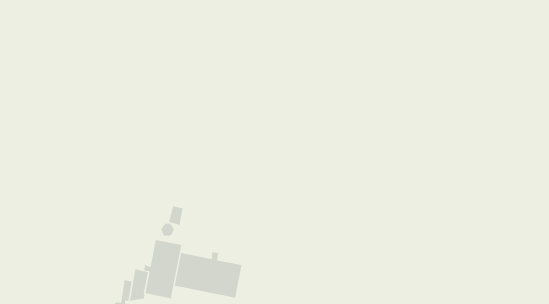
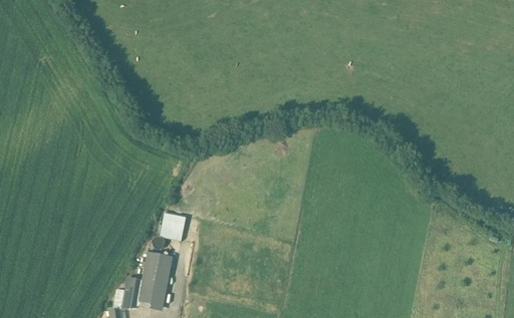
building: [174,251,242,298] -> none

